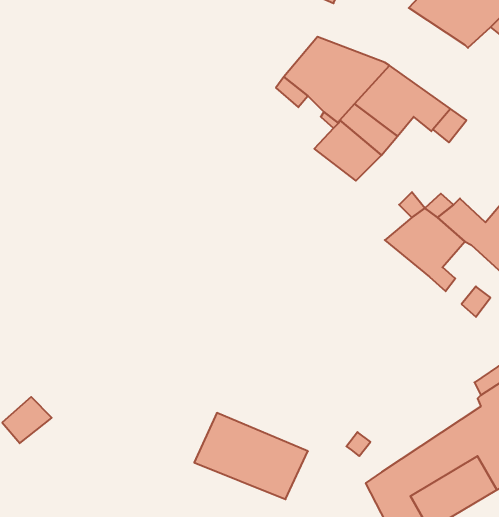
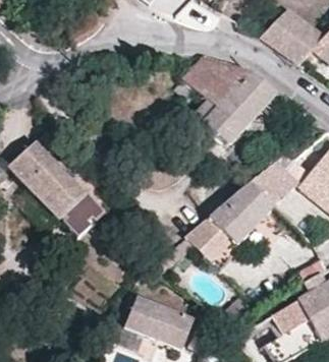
building: none -> [13,133,113,241]
building: none -> [189,184,275,269]

